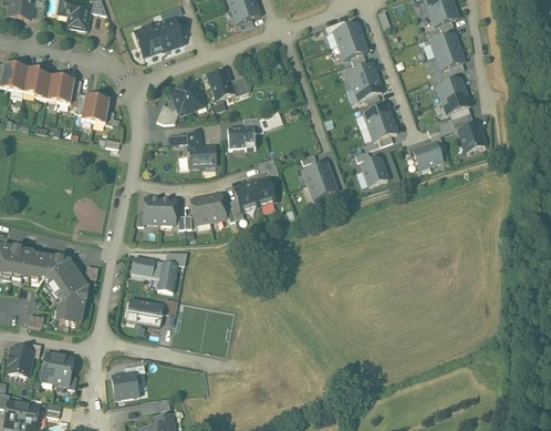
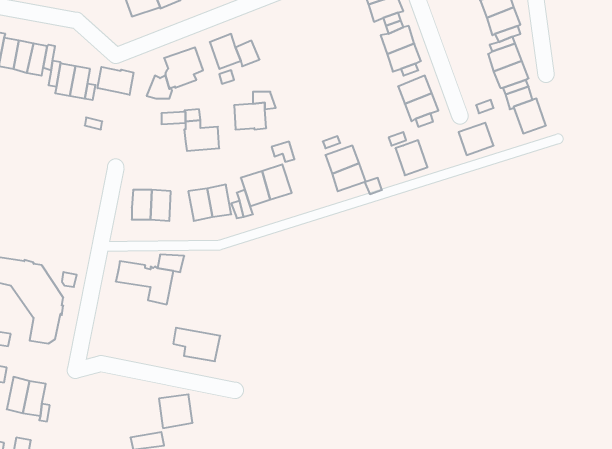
building: none -> [98,67,134,95]
building: [124,298,163,326] -> [173,328,220,361]
building: [112,372,139,400] -> [159,394,193,428]

